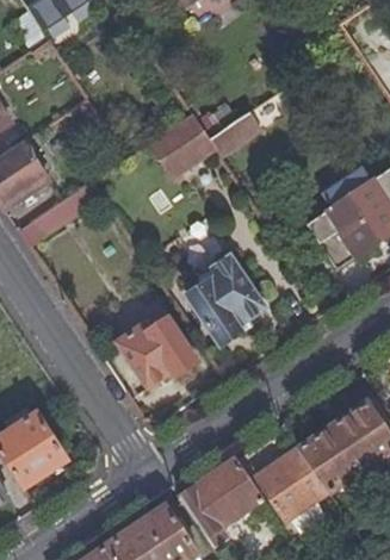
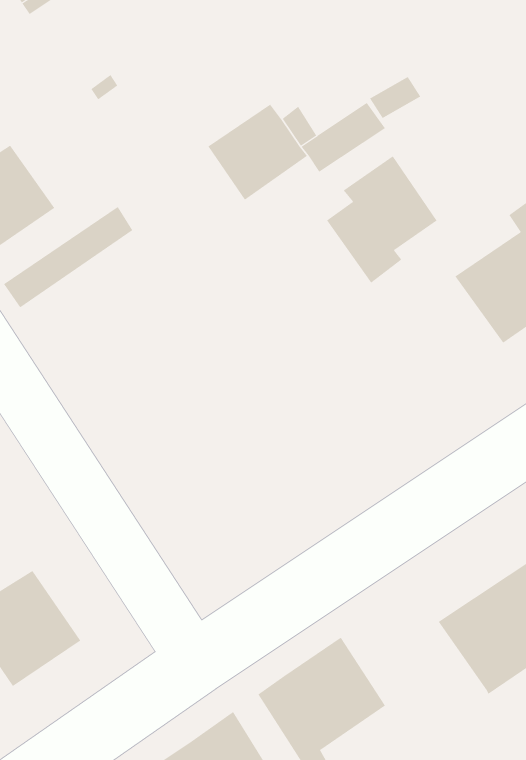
building: [199,261,271,343] -> [326,155,438,283]
building: [119,318,202,387] -> none
building: [255,447,328,519] -> none

